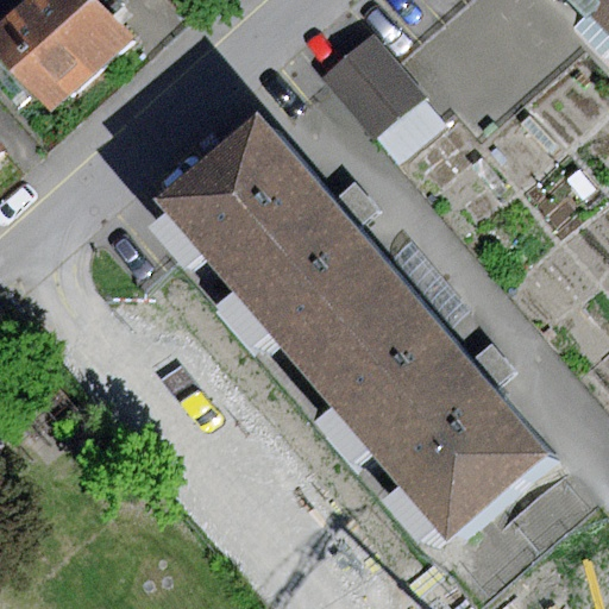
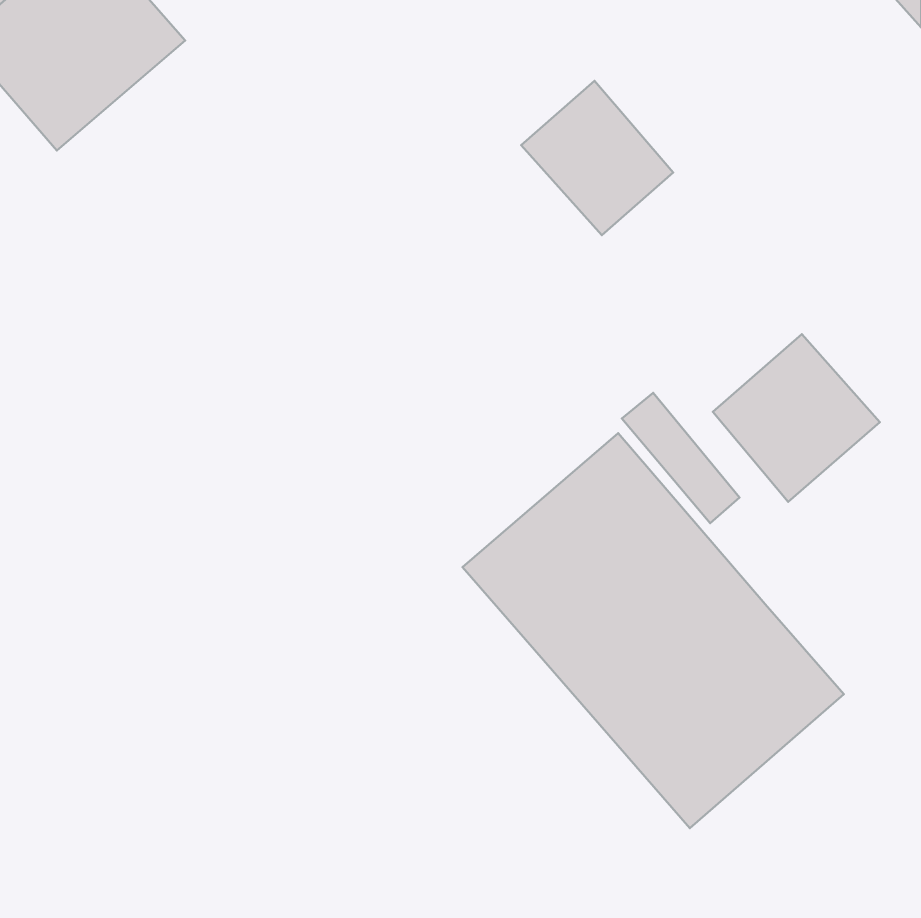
building: [167,127,401,368] -> none
building: none -> [713,334,880,502]

